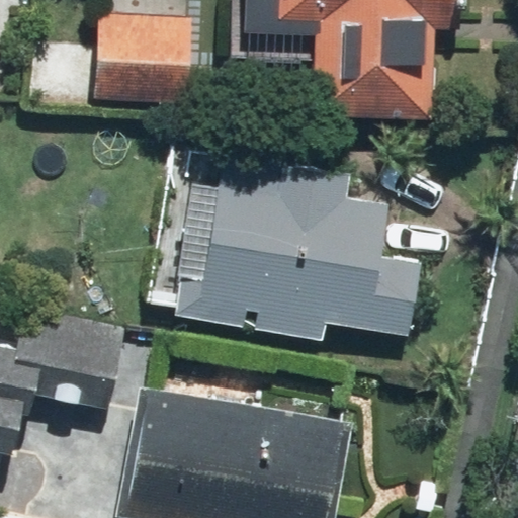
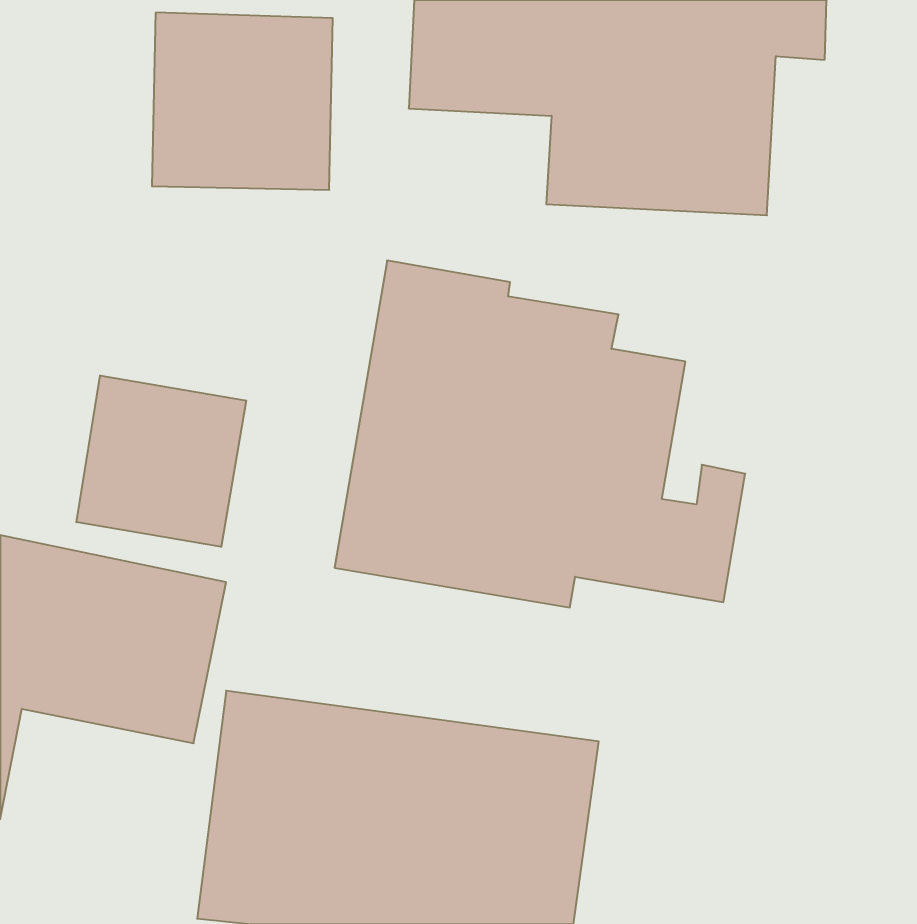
building: none -> [76,375,246,547]

